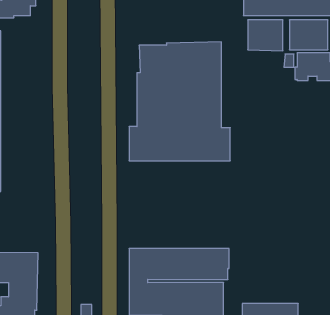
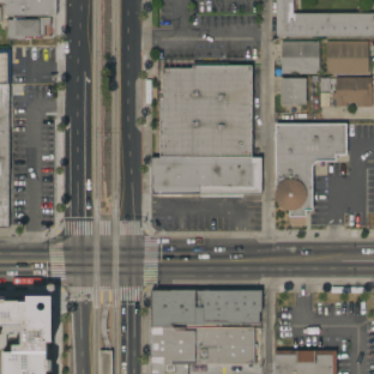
building: none -> [280,78,306,104]
building: none -> [275,123,346,217]

